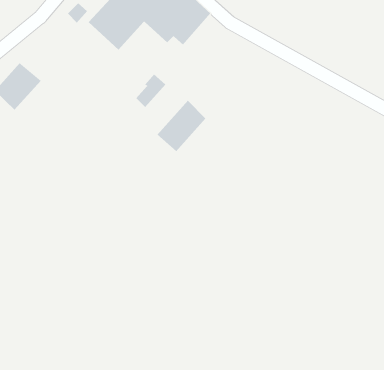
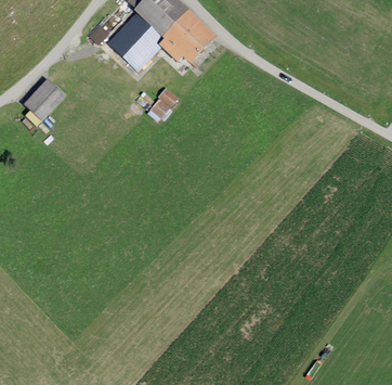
building: [156,100,206,152] -> none

